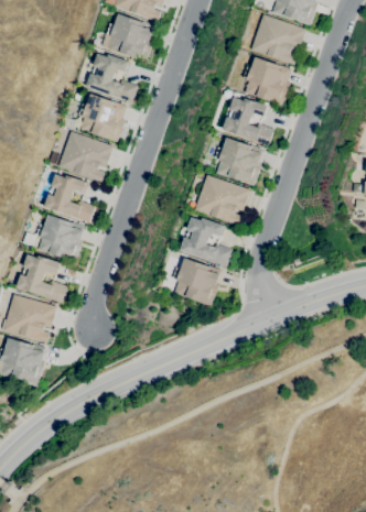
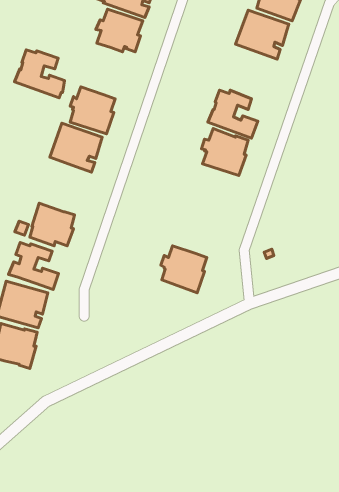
building: [85,53,137,102] -> [14,50,65,98]
building: [244,56,291,106] -> none
building: [44,174,95,222] -> none
building: [195,175,249,225] -> none
building: [180,217,232,266] -> none

